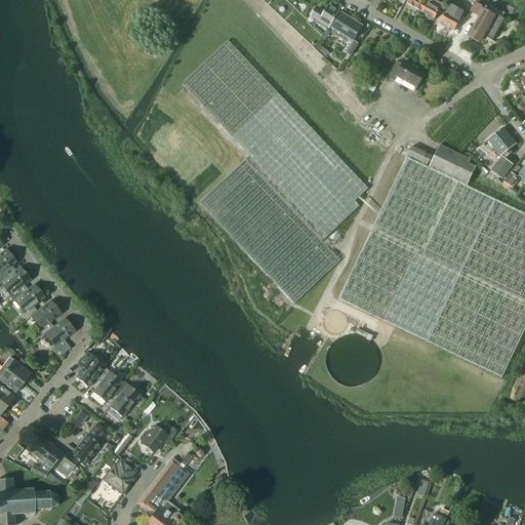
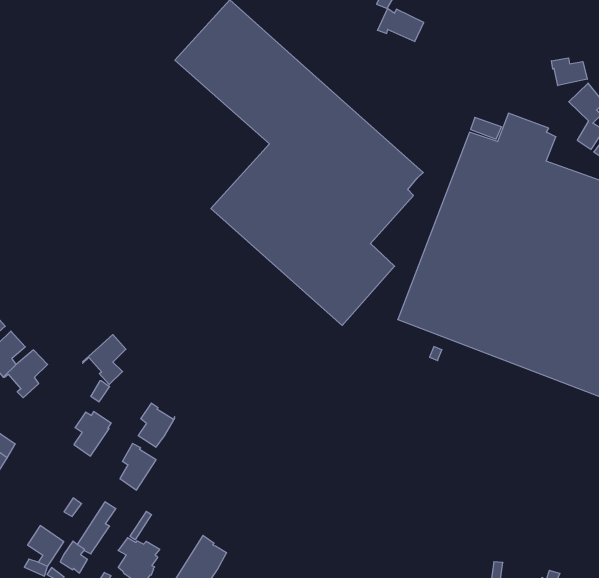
building: [388,59,425,87] -> [377,9,424,41]
building: none -> [552,58,587,86]
building: [39,317,74,356] -> [83,335,126,385]
building: [92,366,122,401] -> [138,403,175,447]
building: [139,421,174,452] -> none

